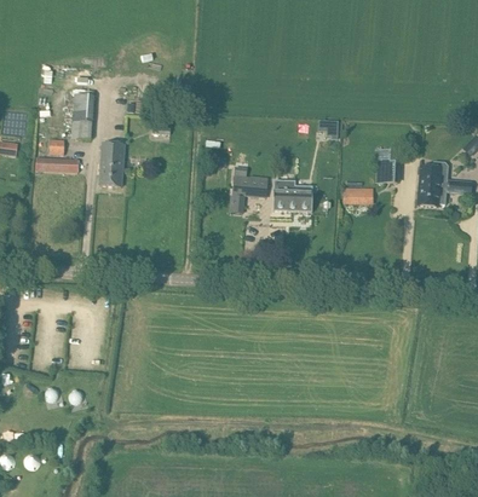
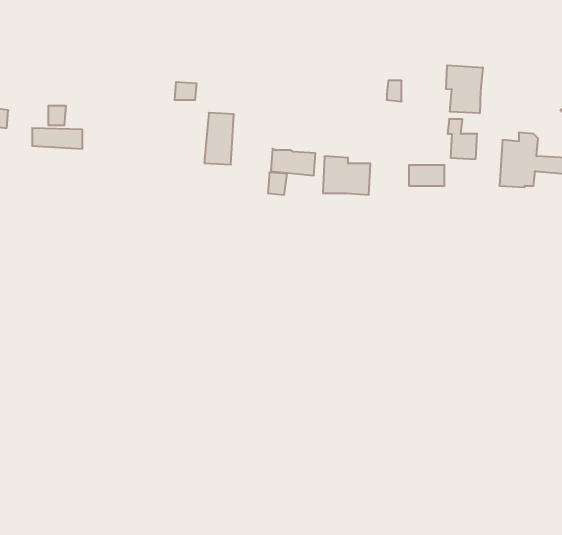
building: [70,93,94,138] -> none
building: none -> [446,65,483,113]
building: [99,143,123,185] -> [204,113,234,165]

